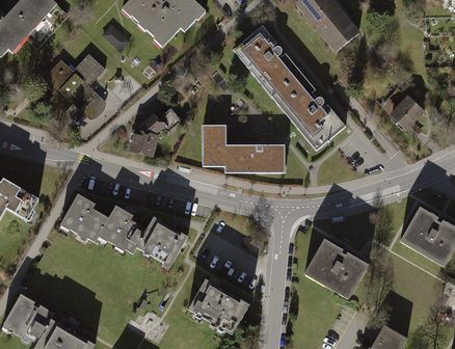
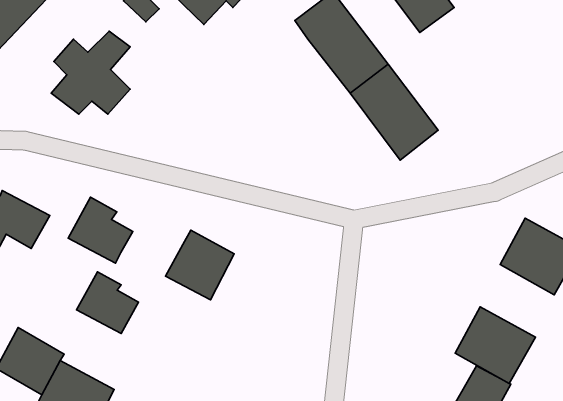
building: [391,97,426,138] -> none
building: [128,103,179,155] -> none
building: [197,122,279,169] -> none
building: [99,199,148,248] -> [76,272,138,334]
building: [302,235,366,295] -> [455,307,535,383]
building: [189,280,253,338] -> none

